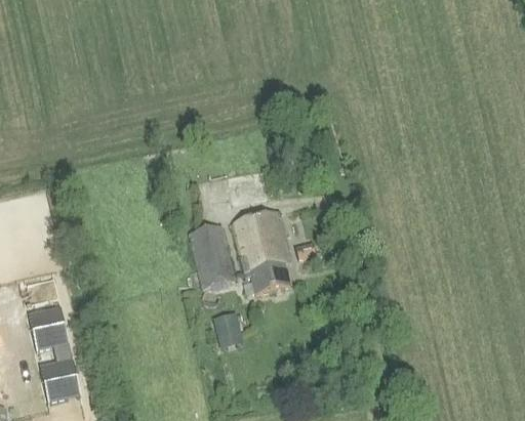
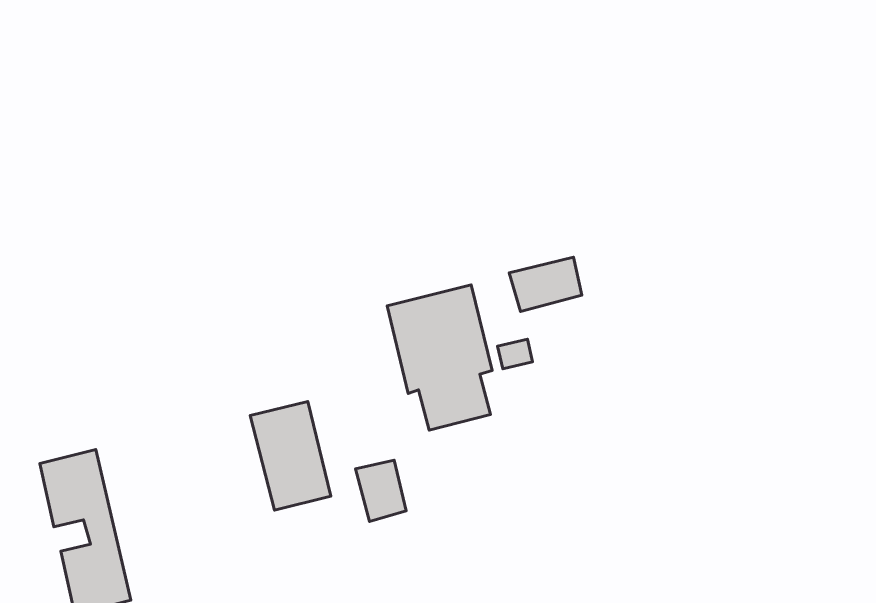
building: none -> [509,257,582,311]
building: [187,223,234,287] -> [250,401,331,510]

